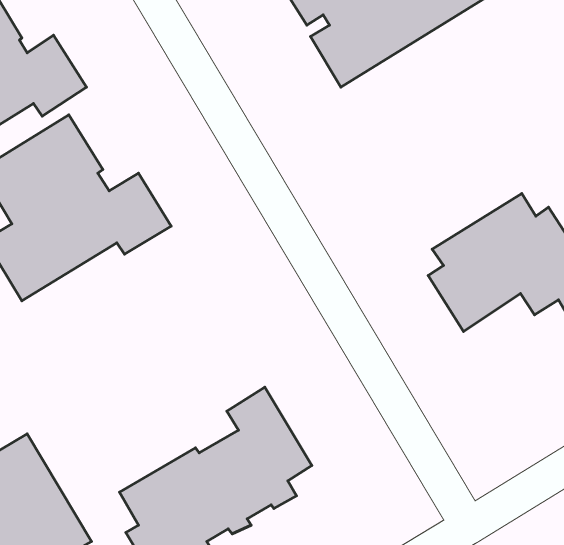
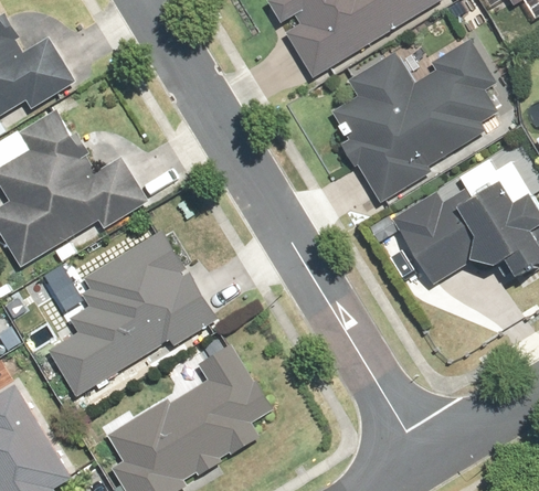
building: none -> [314,40,490,210]
building: none -> [47,230,221,395]

